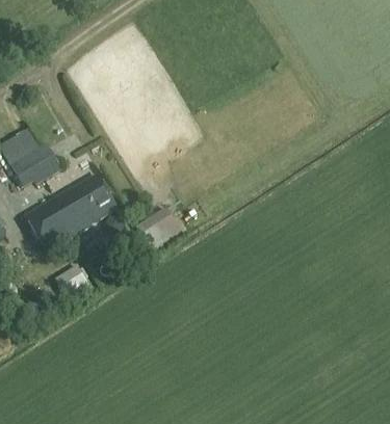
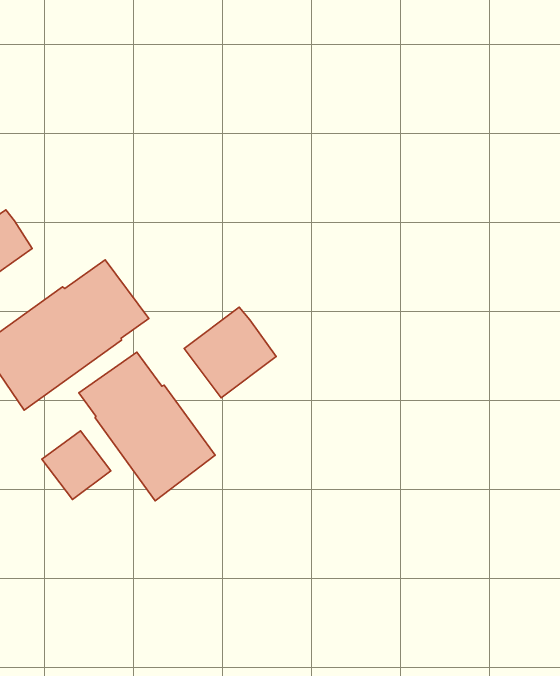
building: none -> [79,352,215,501]

